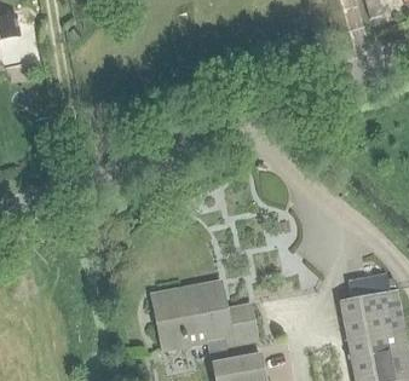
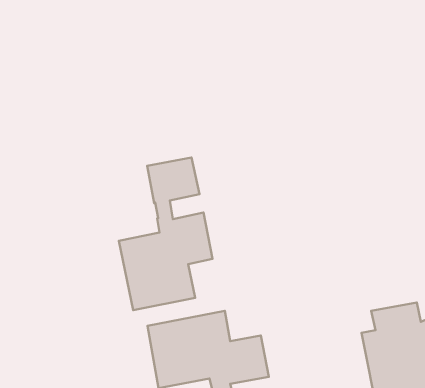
building: none -> [119,157,212,310]

